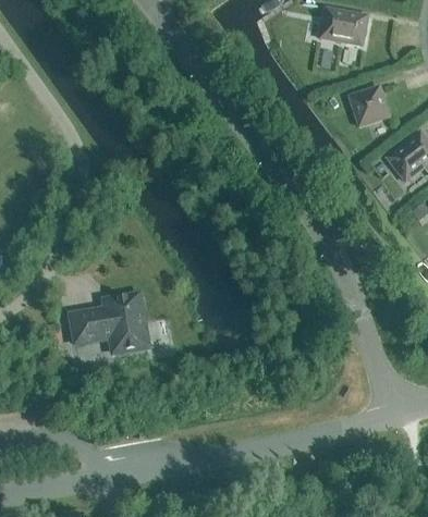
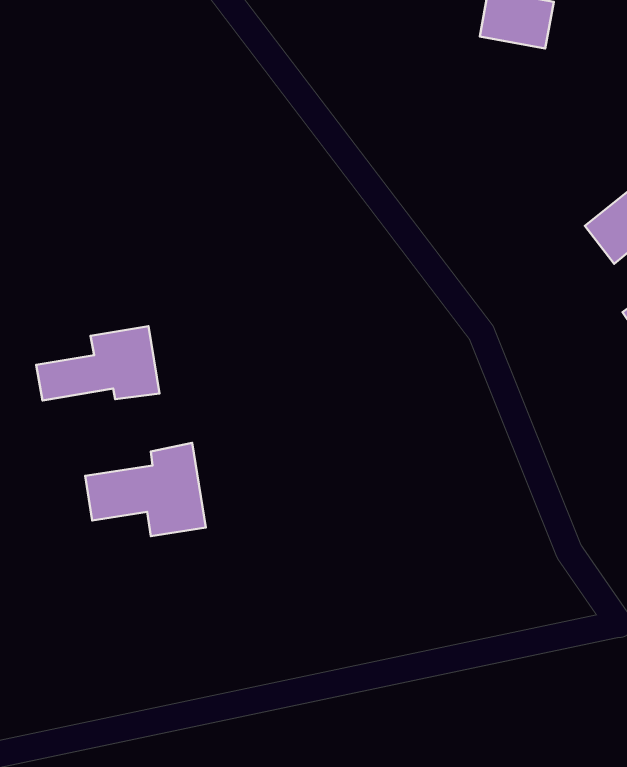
building: [348,86,389,126] -> none
building: none -> [36,326,159,401]

